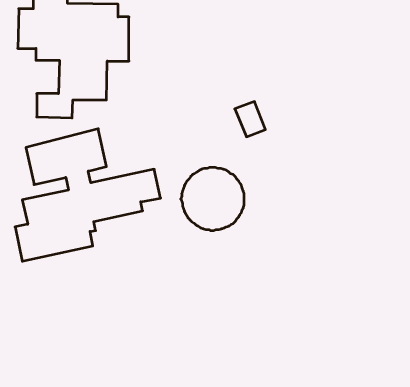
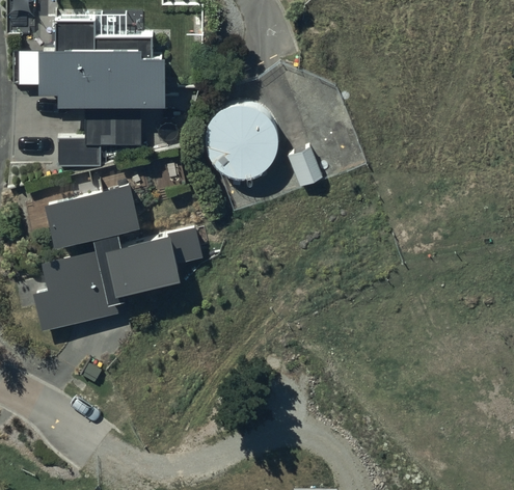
building: [181,167,244,231] -> [205,107,277,180]

